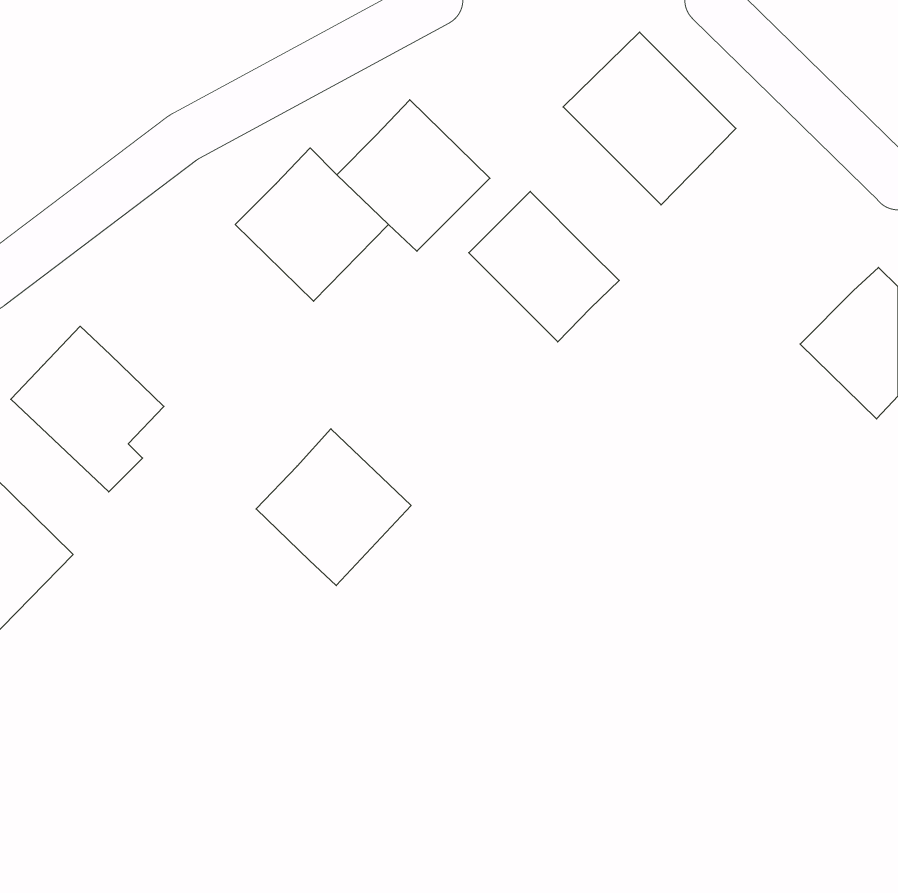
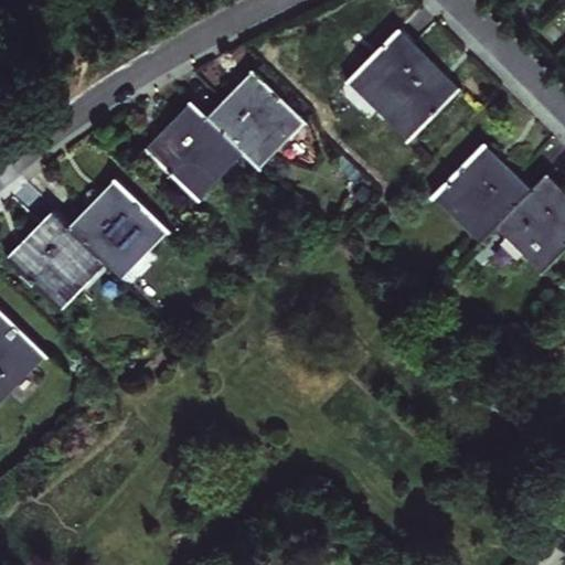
building: [469,191,619,342] -> none
building: none -> [433,143,529,241]
building: [256,429,411,586] -> [68,181,164,278]

